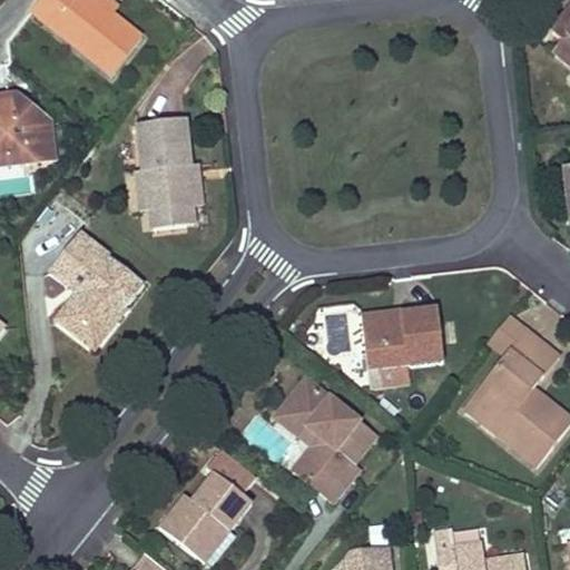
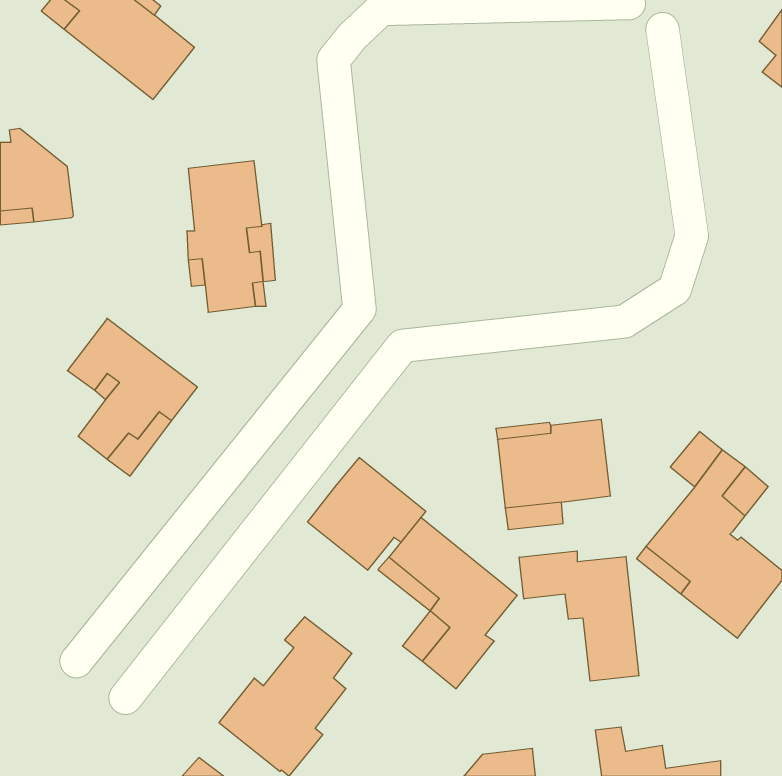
building: none -> [308,458,426,570]
building: none -> [519,551,639,681]

